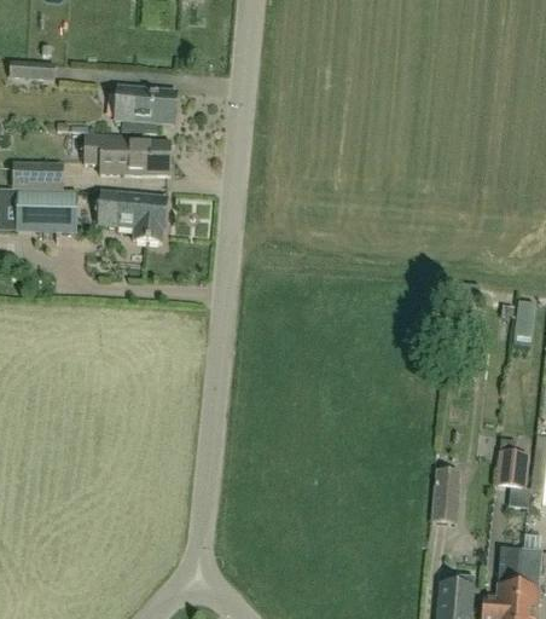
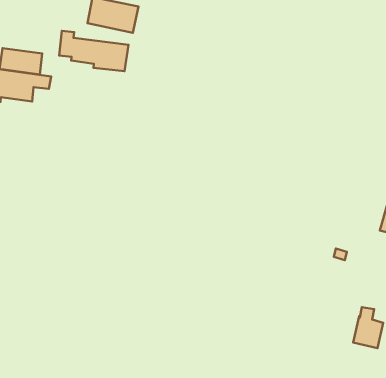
building: [98,195,168,239] -> none
building: [430,470,460,526] -> none

